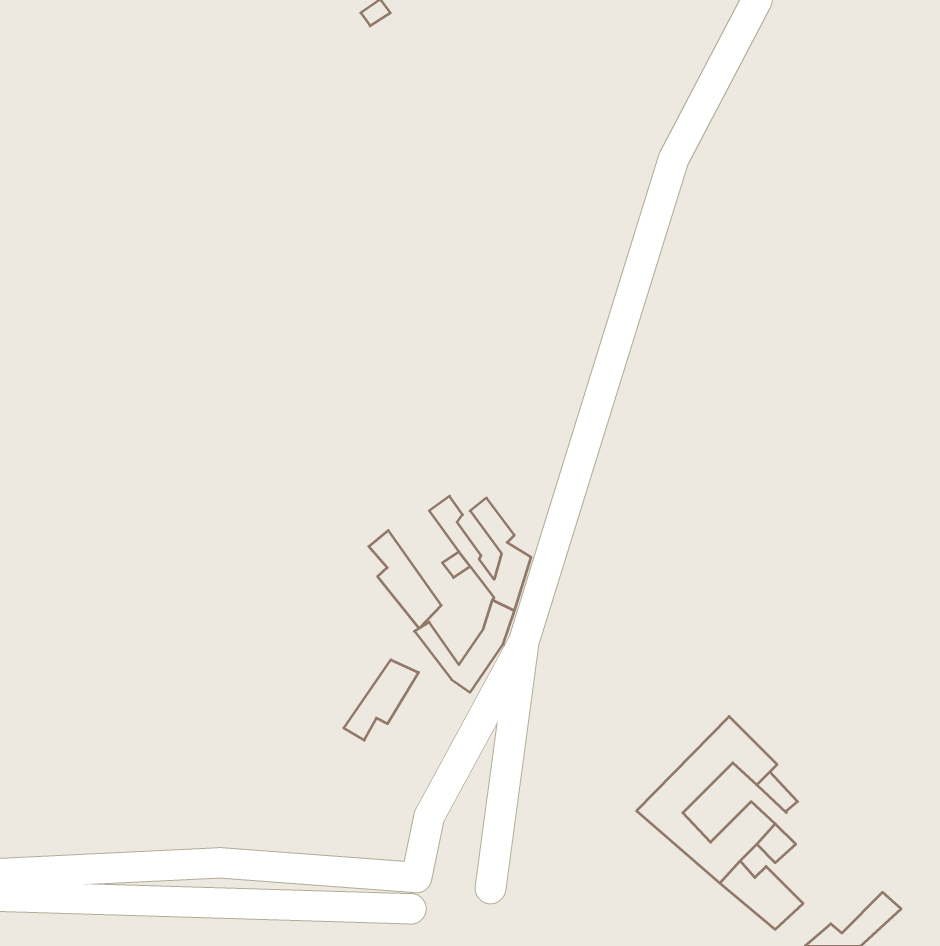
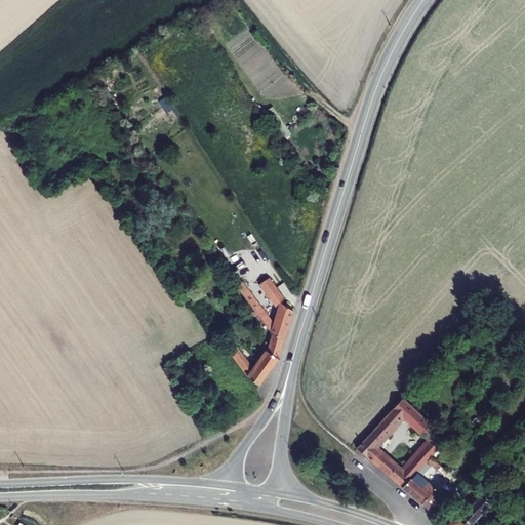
building: [369,530,441,628] -> none
building: [344,660,419,740] -> none

